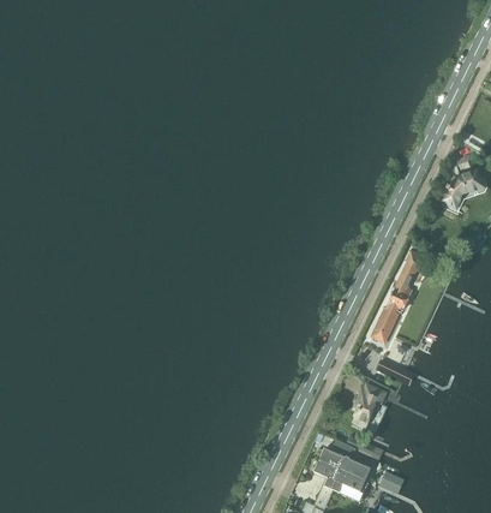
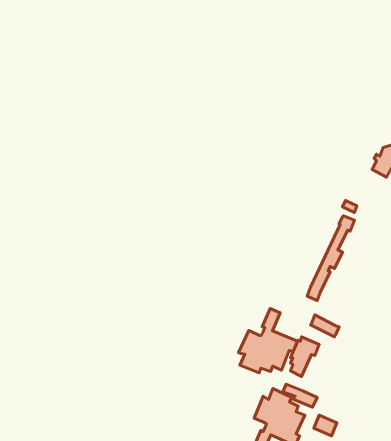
building: none -> [239,309,297,373]

